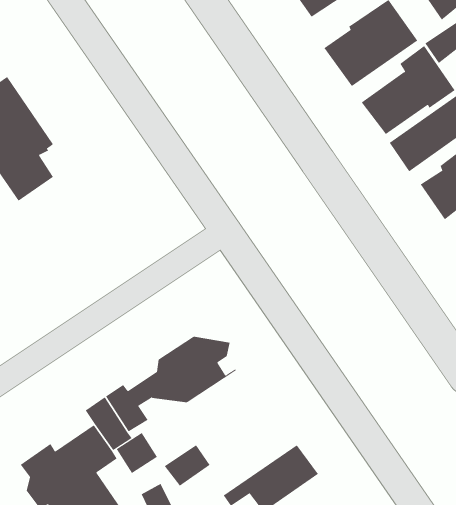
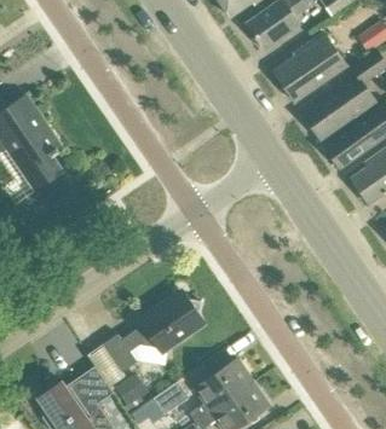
building: none -> [189,356,253,421]

